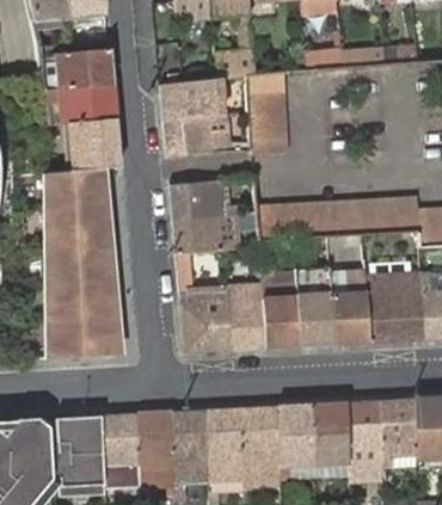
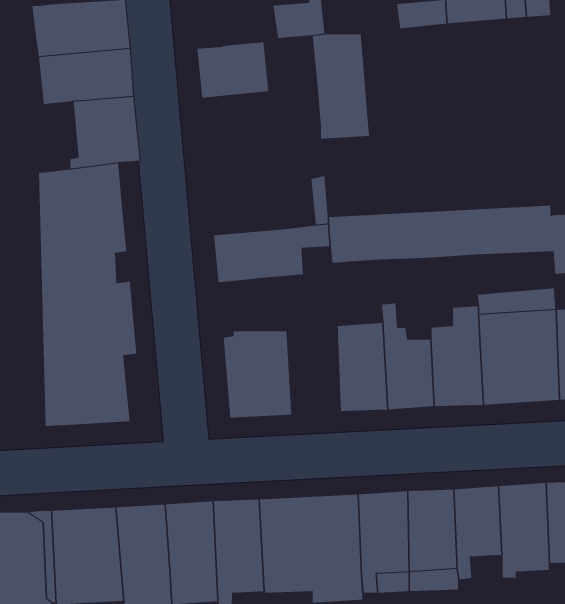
building: [165,115,251,155] -> none
building: [171,181,228,220] -> none
building: [227,285,265,350] -> none

